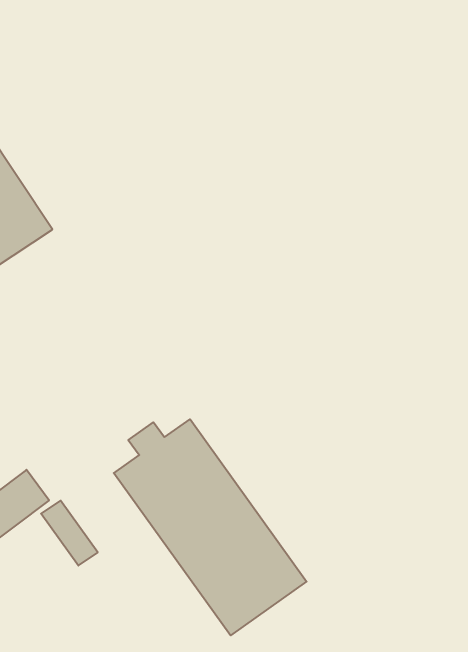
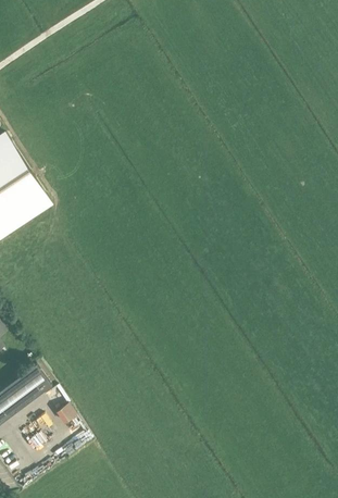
building: [114,419,307,635] -> none

